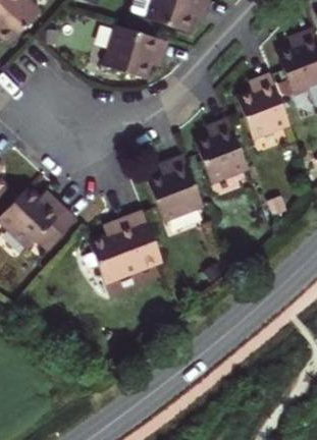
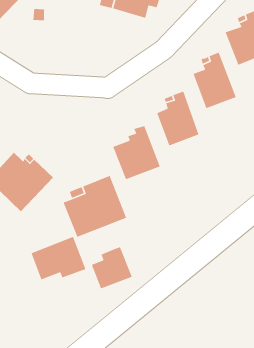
building: [88,22,165,78] -> none
building: none -> [30,236,86,280]
building: none -> [91,246,133,289]

